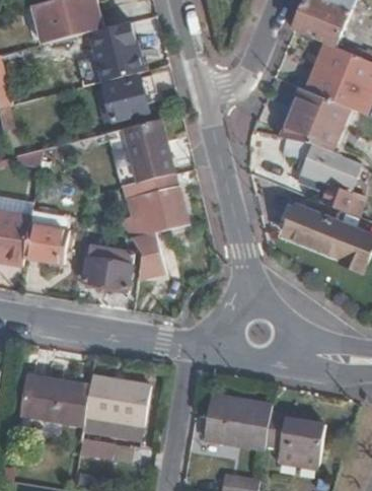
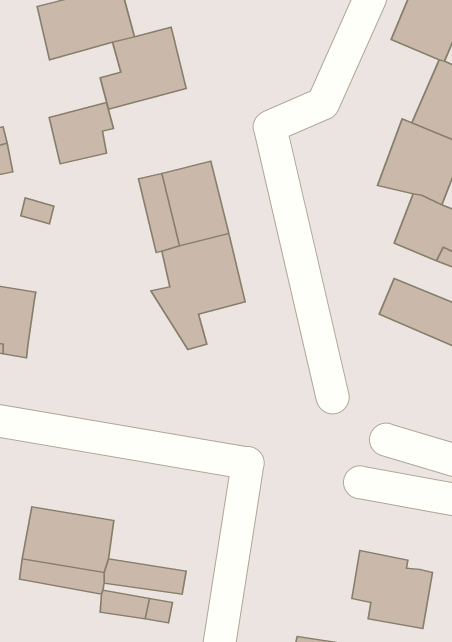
building: [104,75,152,121] -> [49,102,113,164]
building: [24,222,67,263] -> none
building: [85,247,134,287] -> none
building: [84,375,148,424] -> none
building: [203,396,272,448] -> none

